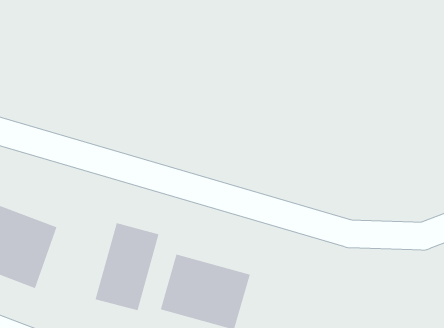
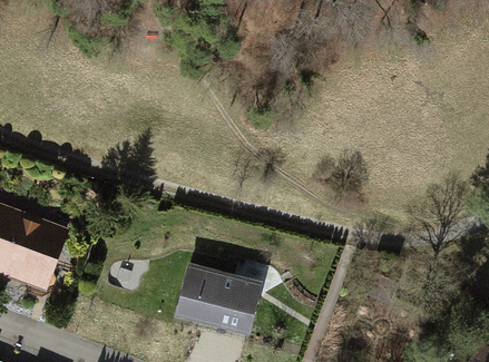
building: [95,222,160,311] -> none

